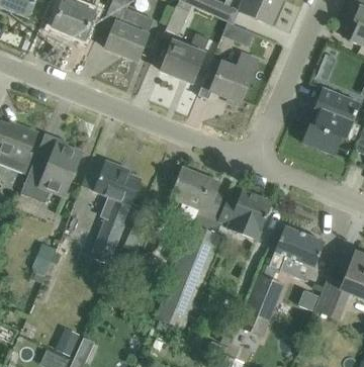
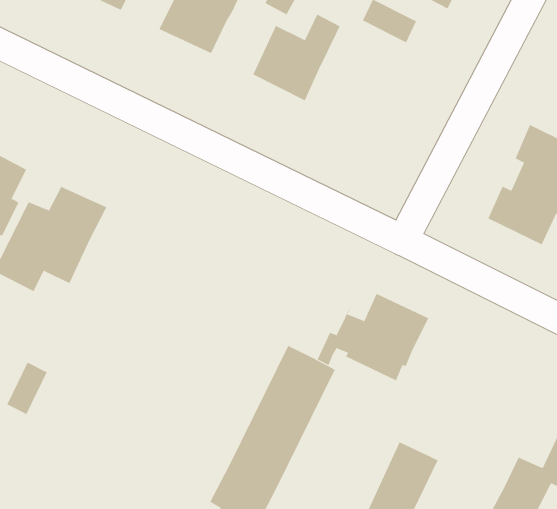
building: [197,54,257,102] -> none
building: [90,161,140,263] -> none
building: [169,167,222,231] -> none
building: [269,225,324,281] -> none

